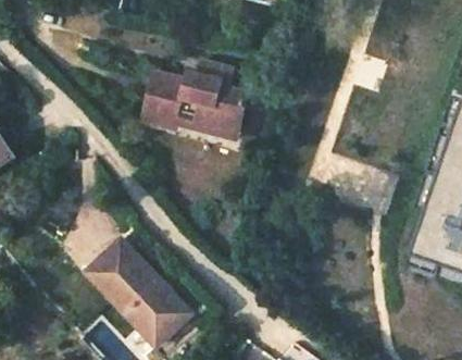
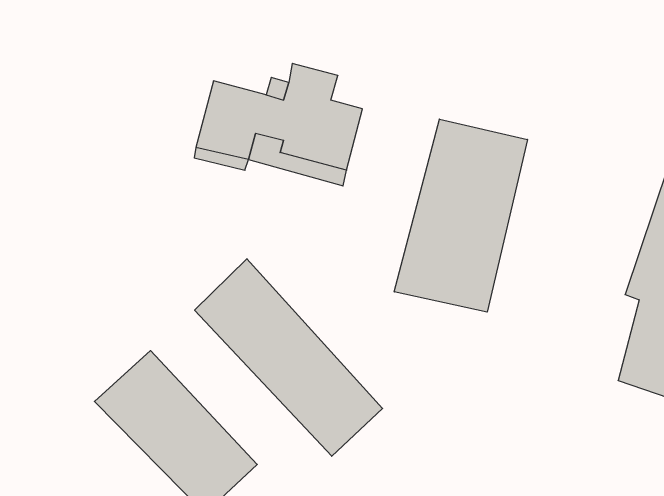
building: none -> [394,119,527,312]
building: none -> [195,259,383,456]

